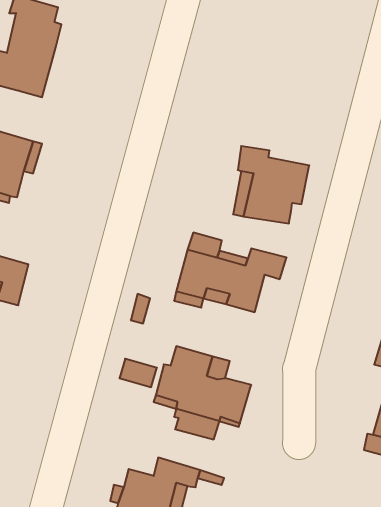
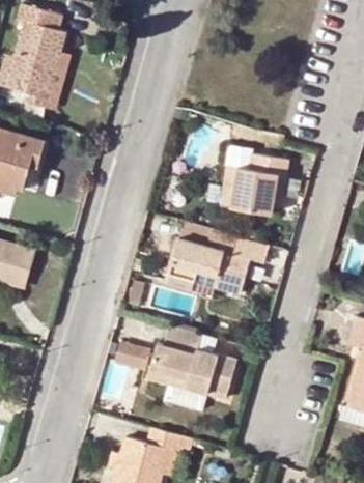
building: none -> [22,53,69,111]

